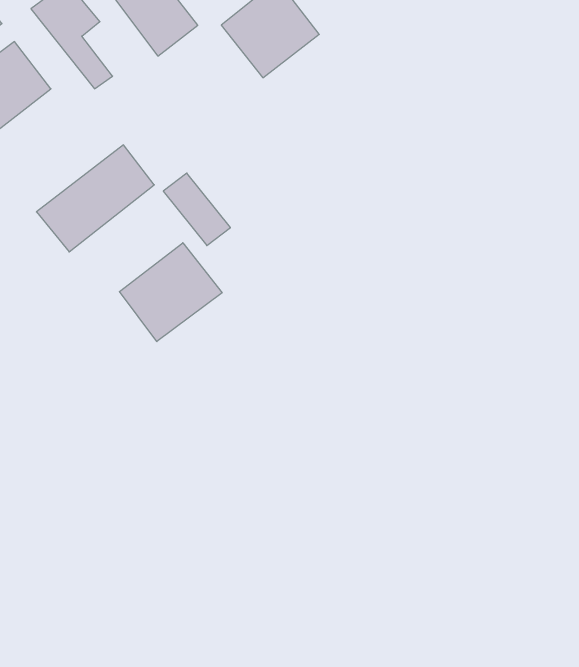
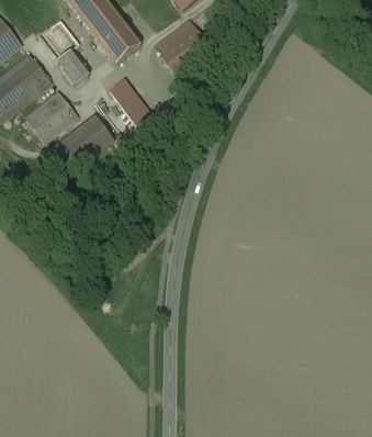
building: none -> [25,90,77,141]
building: [163,173,230,246] -> [109,77,149,121]
building: [119,243,222,342] -> none

